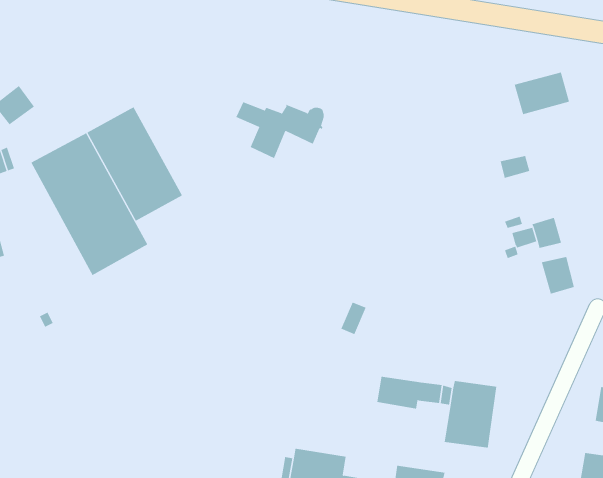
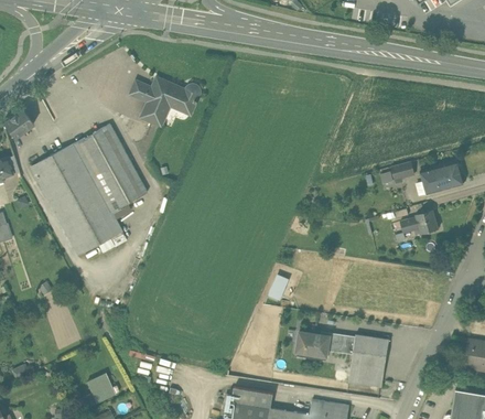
building: [514,72,570,115] -> [421,161,464,194]
building: [236,101,325,159] -> [131,82,200,126]
building: [541,256,574,295] -> none
building: none -> [84,372,114,404]

